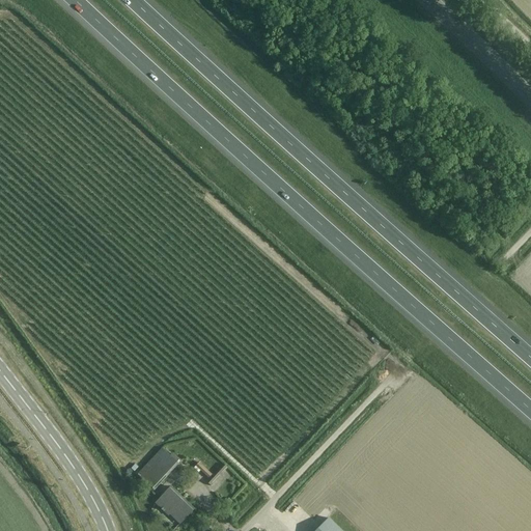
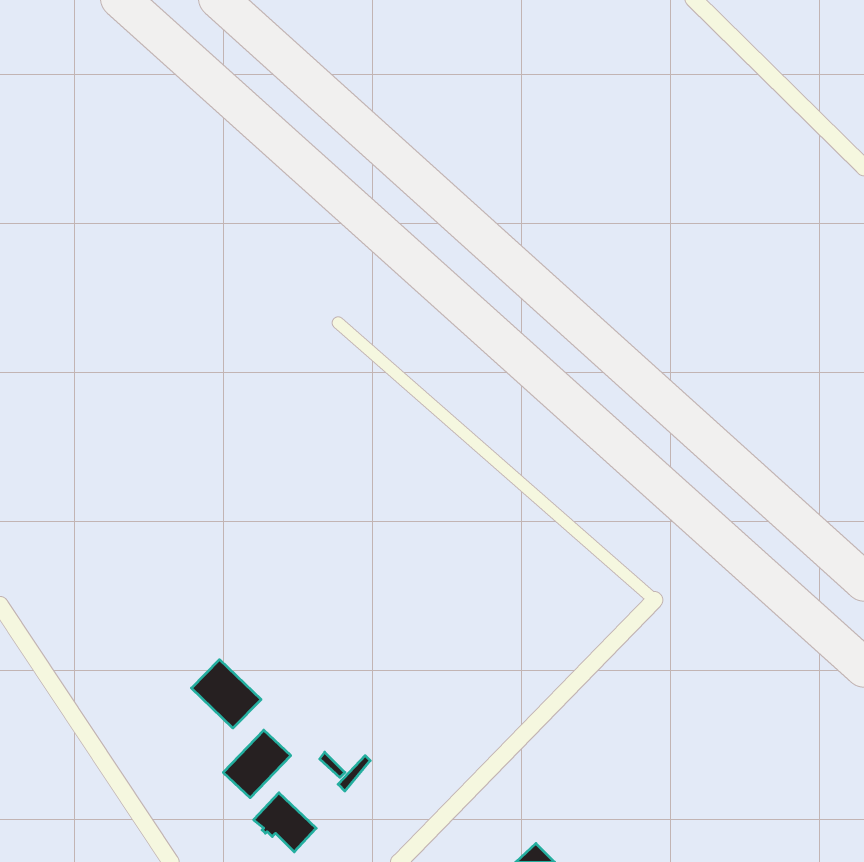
building: none -> [191,660,261,728]

